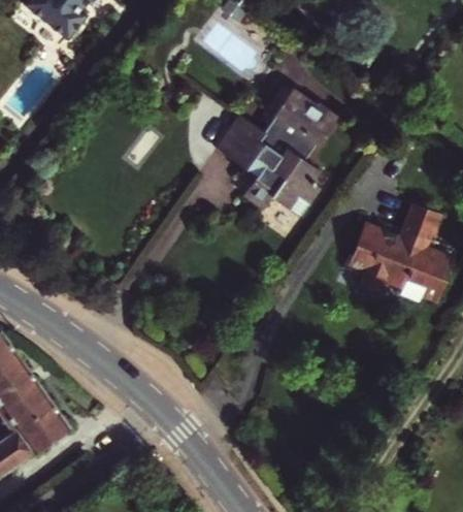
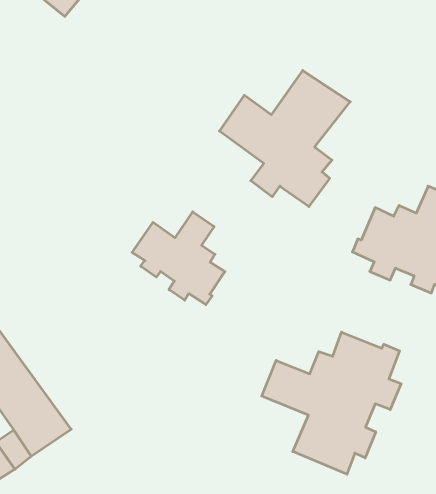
building: none -> [132,212,225,305]
building: none -> [262,332,401,474]

